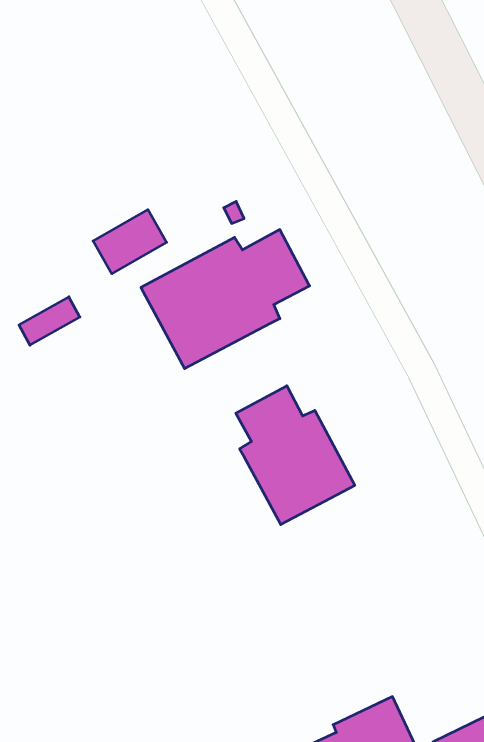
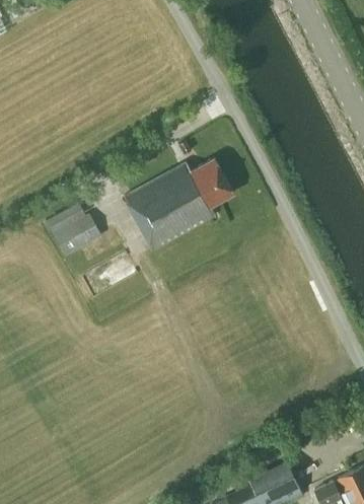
building: [93,210,167,274] -> [53,214,100,256]
building: [236,386,355,525] -> none

